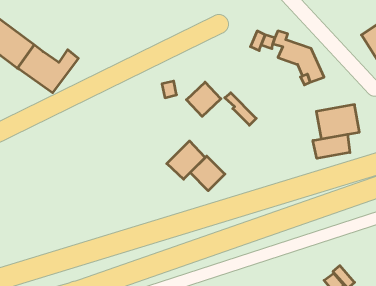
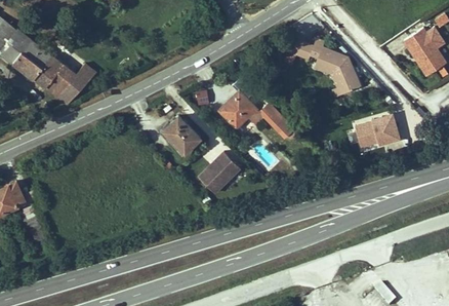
building: none -> [165,119,198,152]
building: [313,134,350,158] -> none
building: [190,156,225,191] -> none

